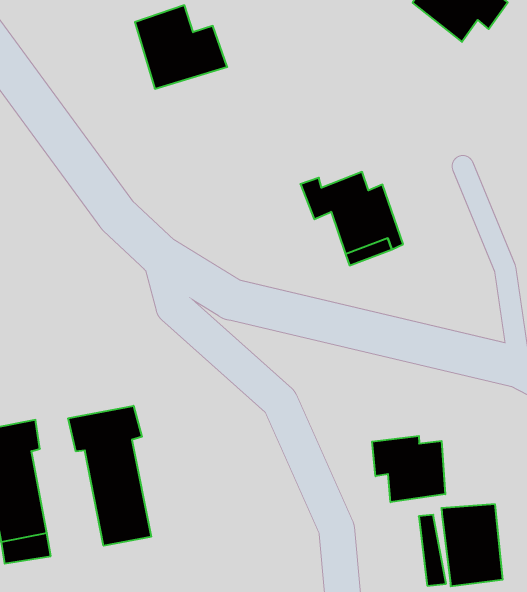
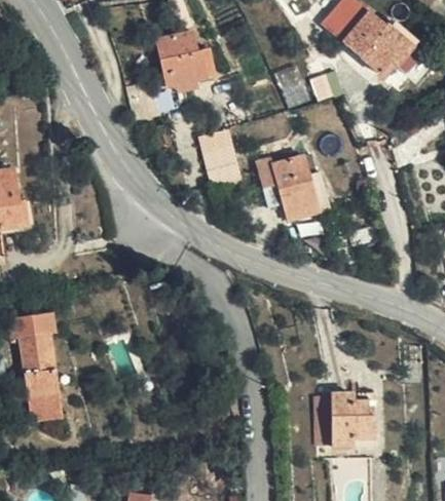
building: none -> [199,128,236,181]
building: [68,406,151,546] -> none
building: [372,436,445,502] -> none

